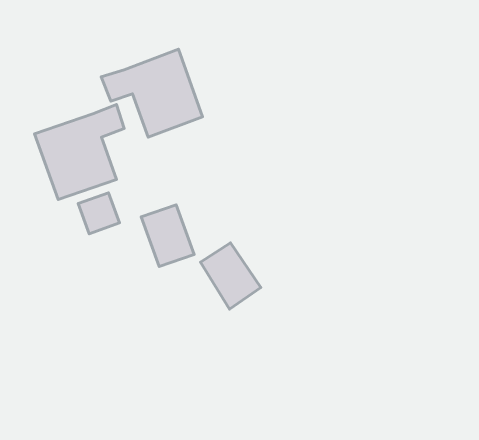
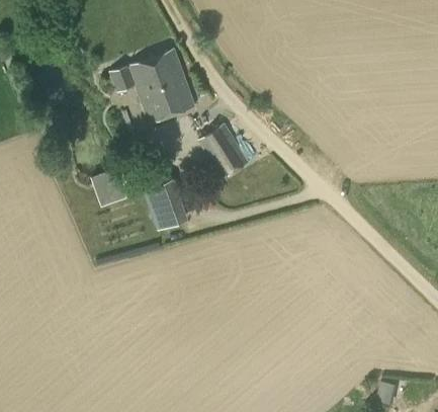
building: [34,104,124,199] -> none
building: [200,243,261,309] -> [200,125,251,180]

